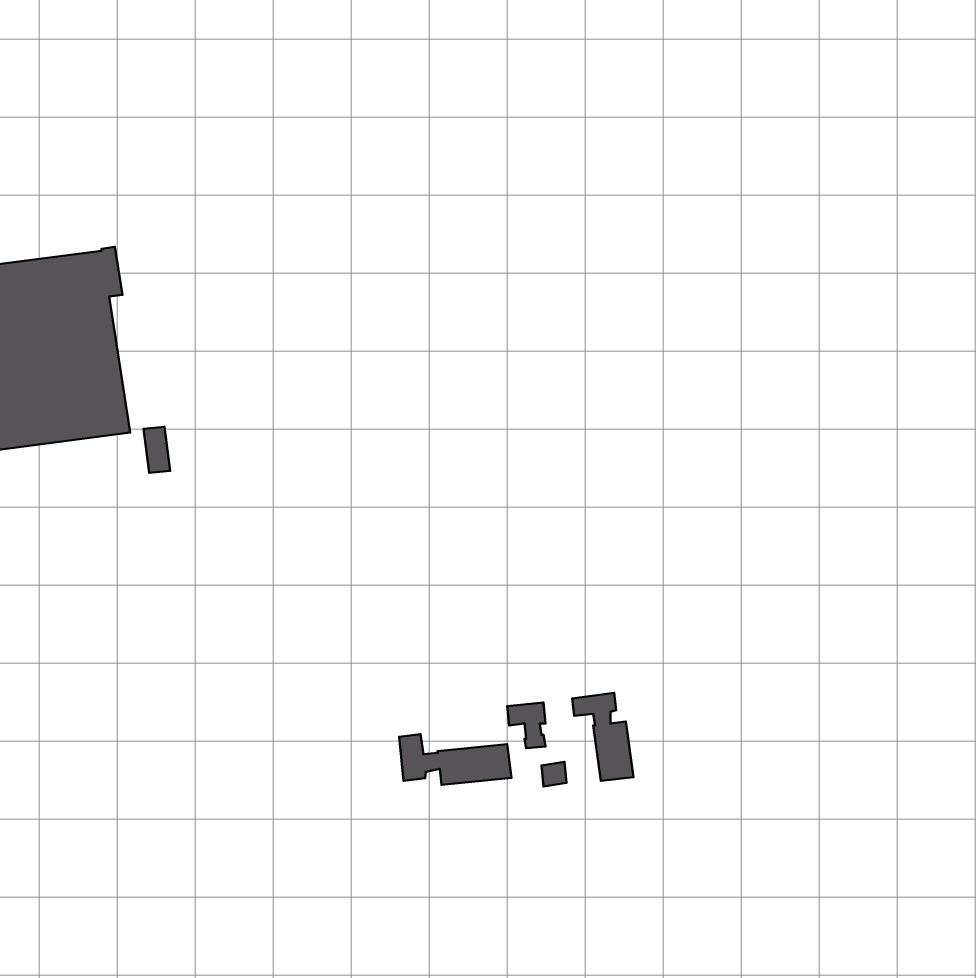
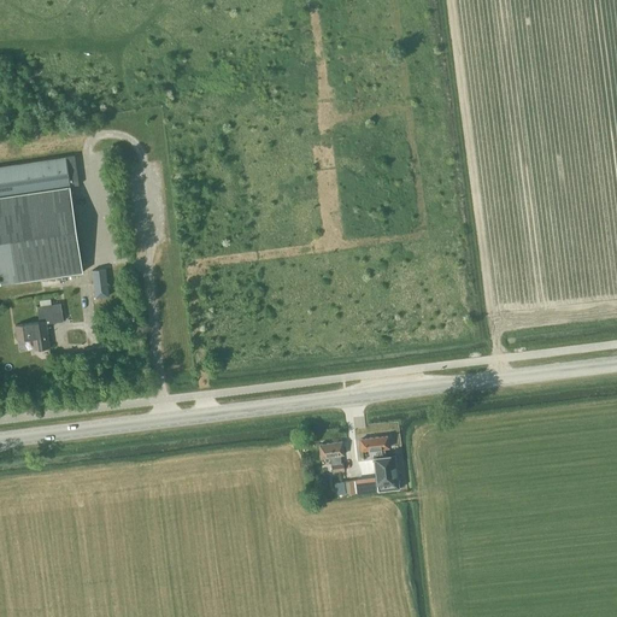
building: none -> [13,304,61,349]
building: [399,734,511,785] -> none

